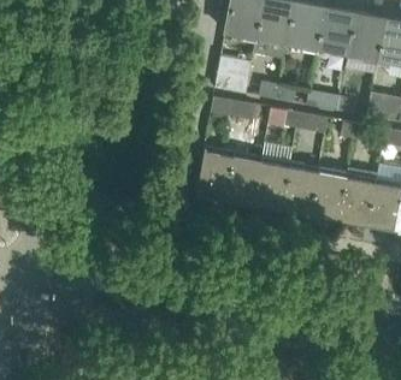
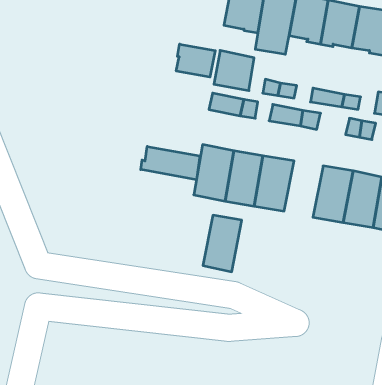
building: none -> [176,44,215,77]
building: none -> [141,146,200,180]
building: [282,162,319,216] -> [203,215,242,272]

